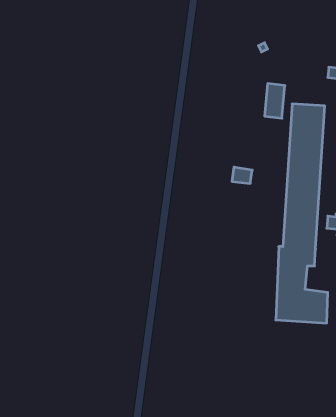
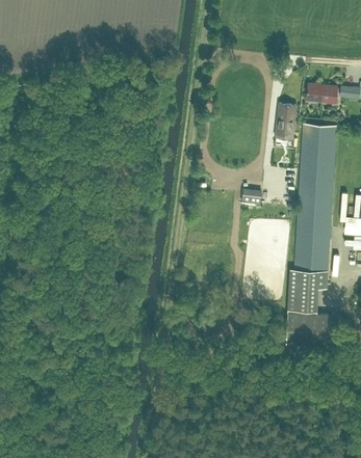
building: none -> [307,83,338,103]

